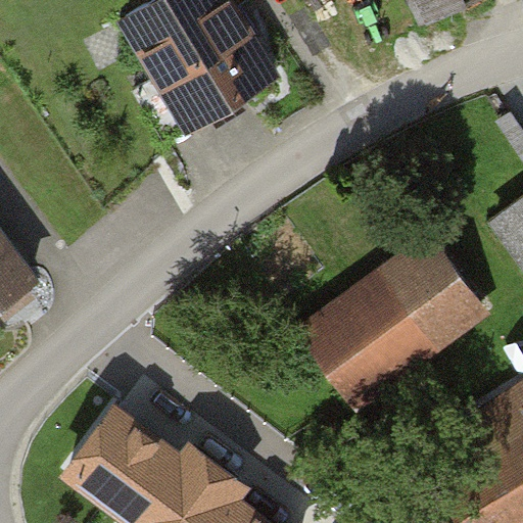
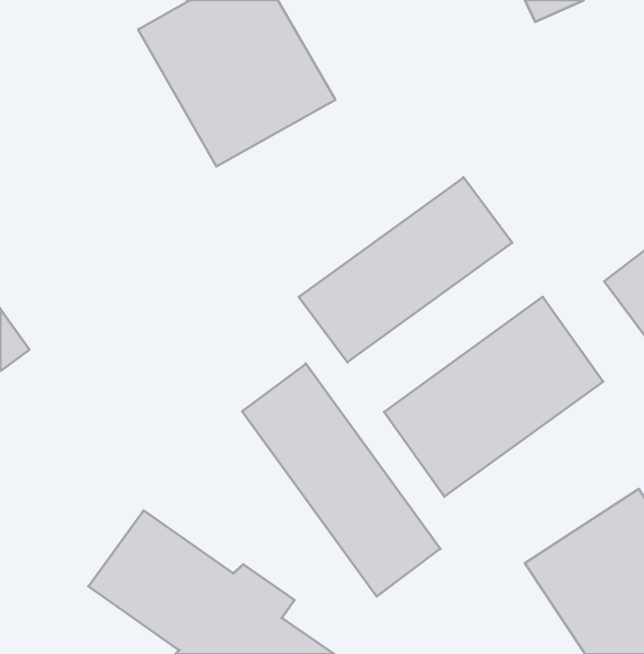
building: none -> [299,177,512,362]
building: none -> [242,364,440,596]

